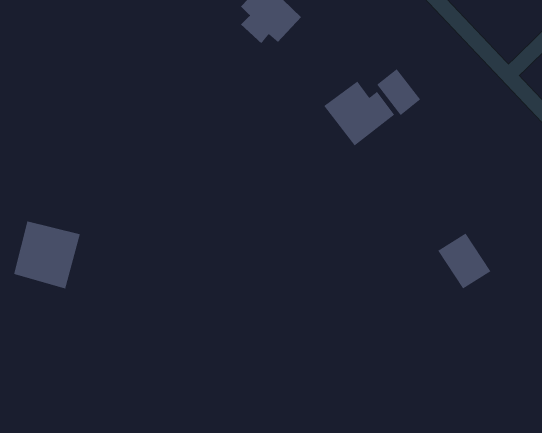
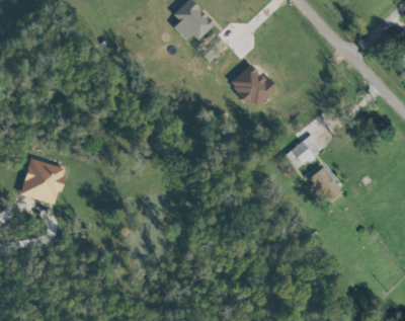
building: [376,68,421,116] -> none
building: none -> [285,135,322,169]

